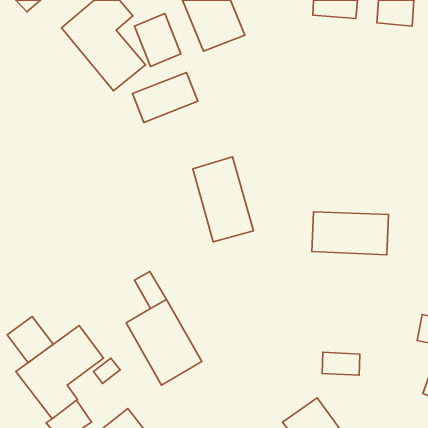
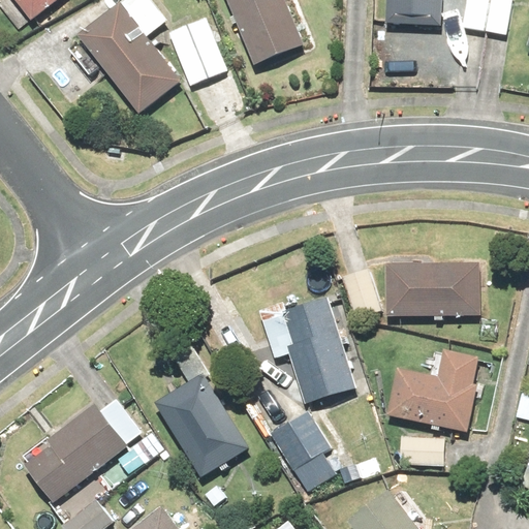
building: [132,73,198,123] -> none
building: [193,157,253,242] -> [280,297,354,401]
building: none -> [388,348,480,429]
building: [7,316,53,363] -> none
building: none -> [268,409,337,493]

